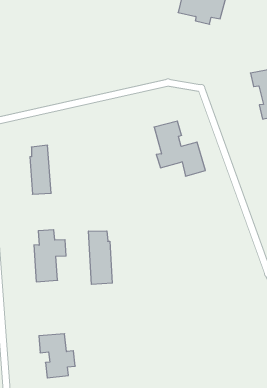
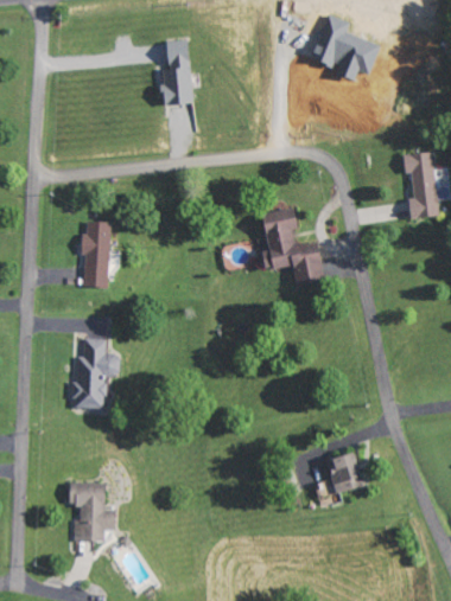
building: none -> [160,40,191,104]
building: [89,231,112,284] -> none
building: none -> [323,454,361,494]

